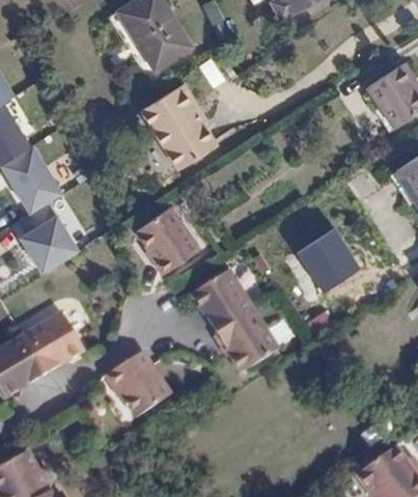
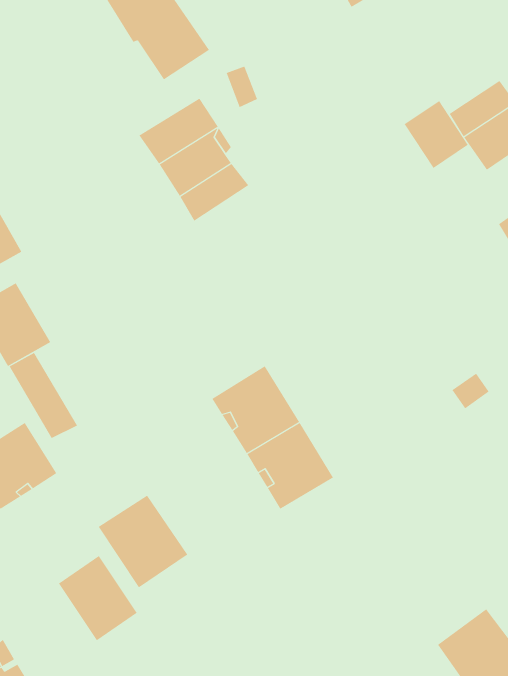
building: none -> [404,100,469,169]
building: [144,206,205,272] -> none
building: [296,227,356,286] -> none
building: none -> [9,352,78,439]
building: none -> [58,555,137,641]

